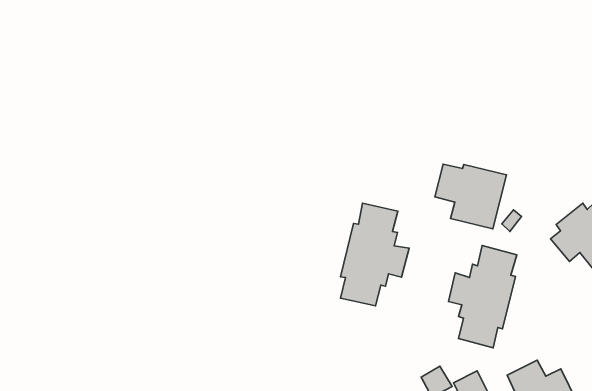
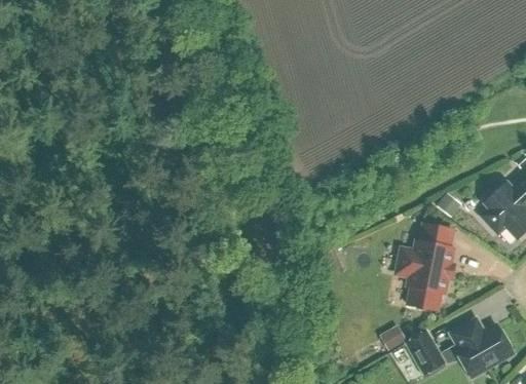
building: [435,164,506,229] -> none
building: [340,203,409,306] -> none

